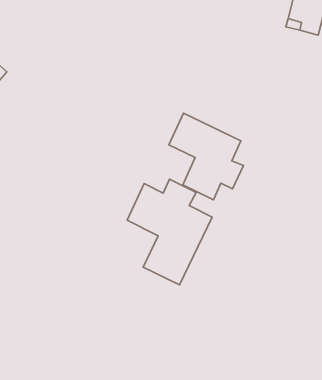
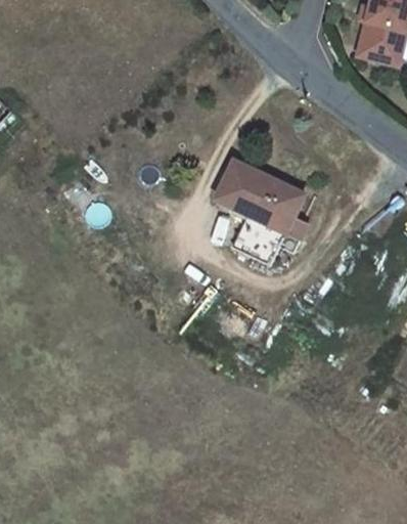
building: [127,179,212,285] -> none

